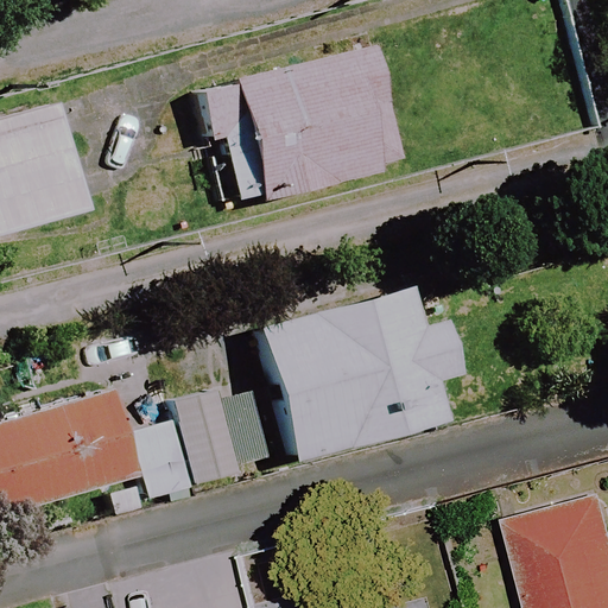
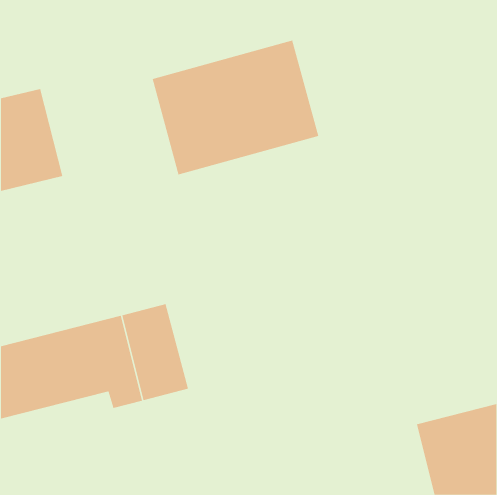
building: [245,286,461,461] -> none

